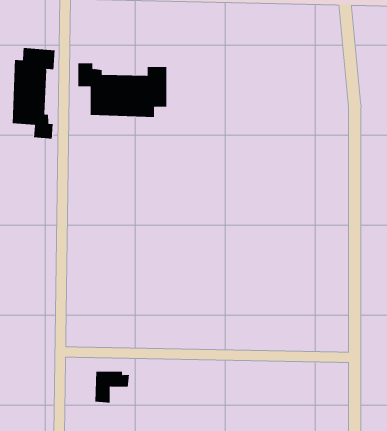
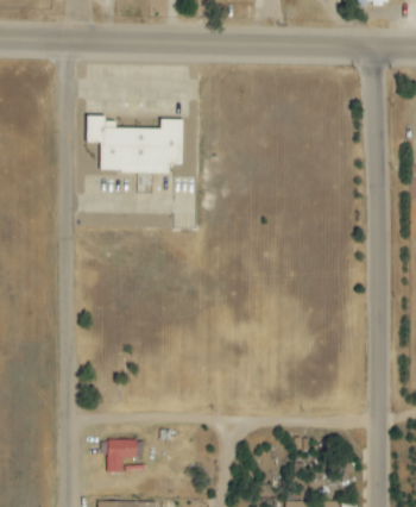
building: [12,47,55,139] -> none

